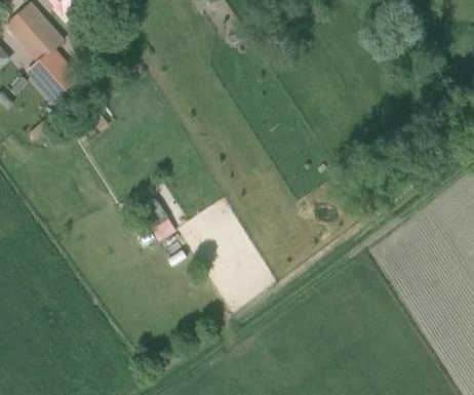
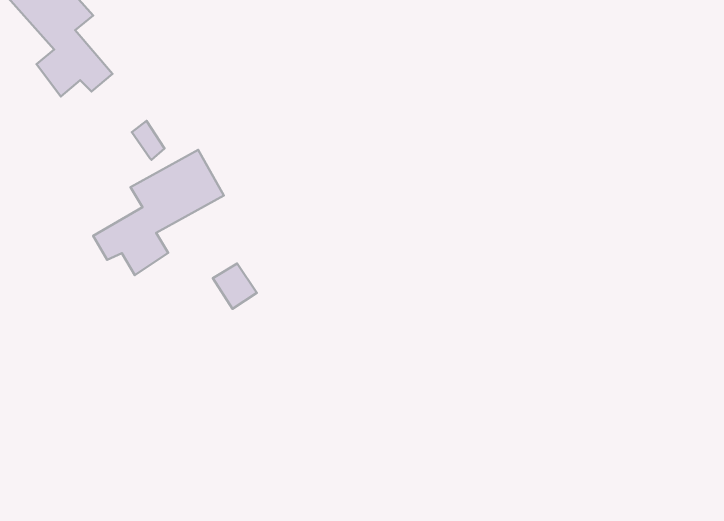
building: none -> [93,150,224,275]

